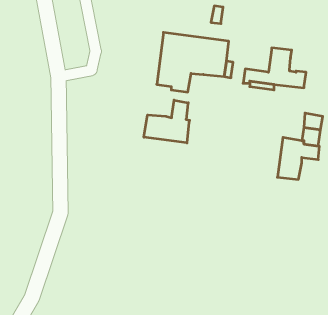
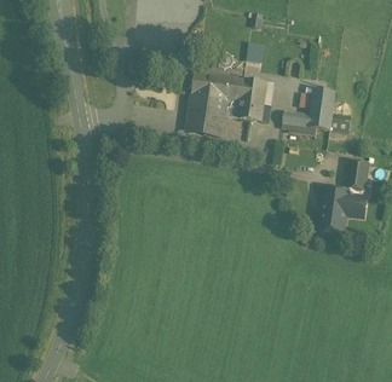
building: [144,100,190,143] -> none

